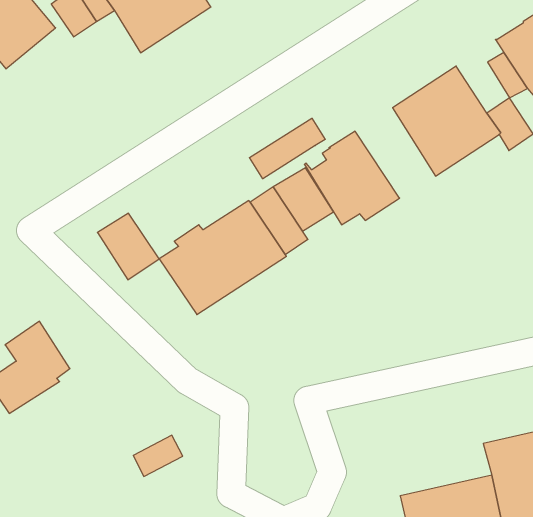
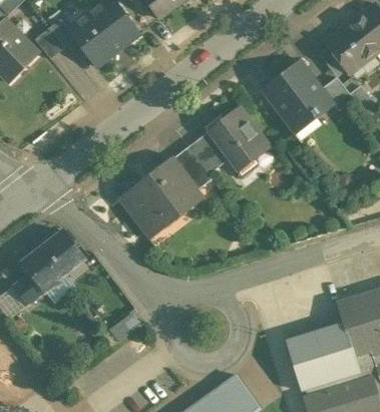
building: [249,118,325,179] -> none
building: [97,213,159,280] -> [43,231,84,274]

